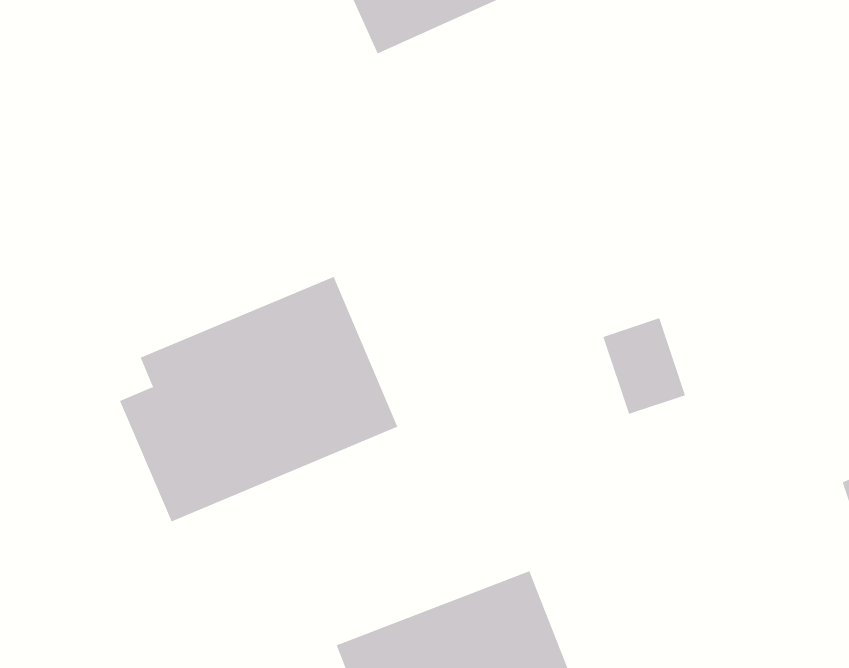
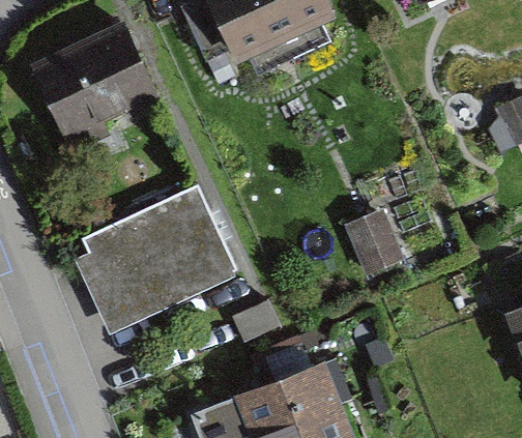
building: none -> [29,26,161,144]

